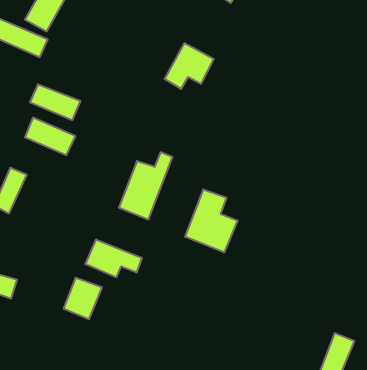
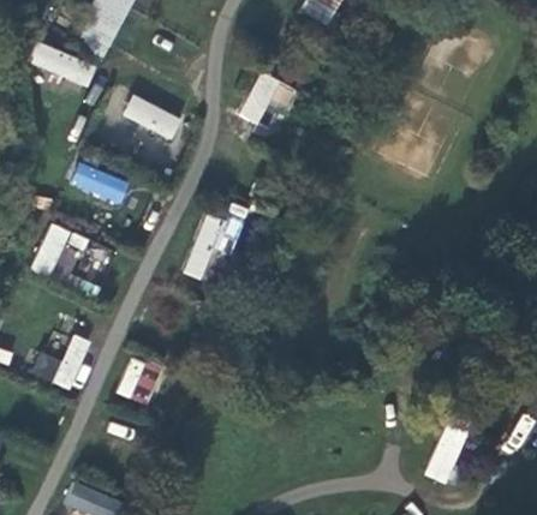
building: [30,84,80,120] -> [121,96,183,139]
building: [185,189,237,253] -> none
building: [85,239,142,277] -> none
building: none -> [55,333,91,391]

